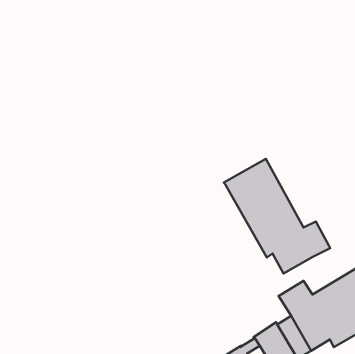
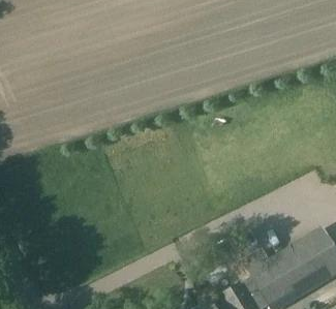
building: [224,159,330,273] -> none

